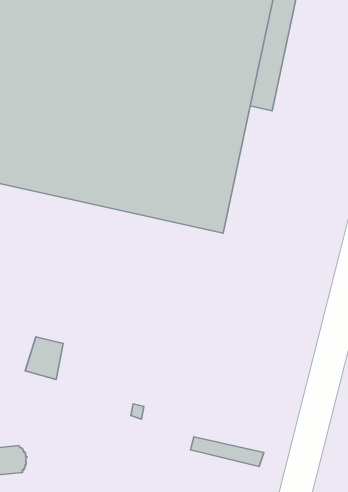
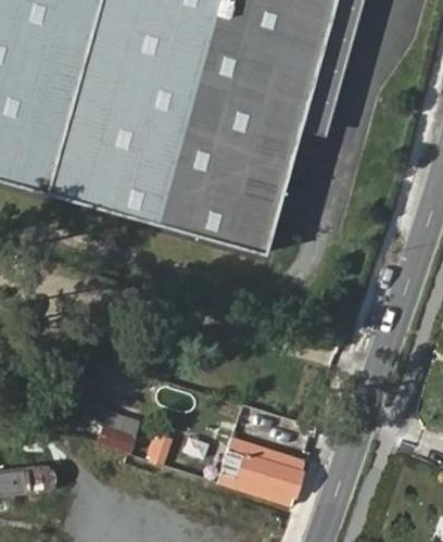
building: [25,337,63,379] -> [97,406,138,452]
building: none -> [221,434,305,488]

